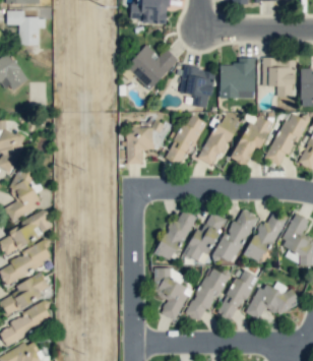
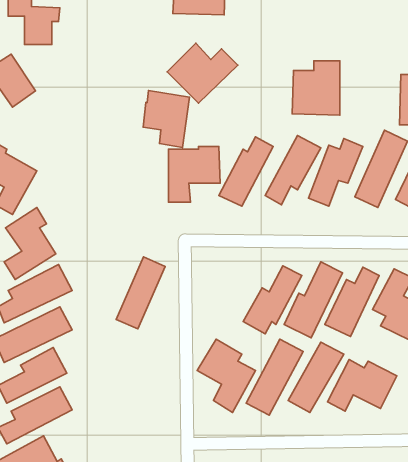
building: [262,59,297,98] -> none
building: [180,66,214,109] -> [143,90,189,147]
building: [158,208,194,262] -> [116,257,165,329]

